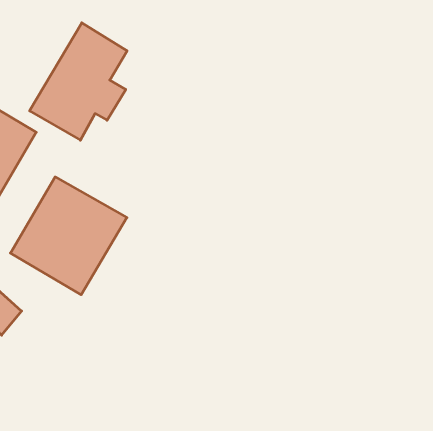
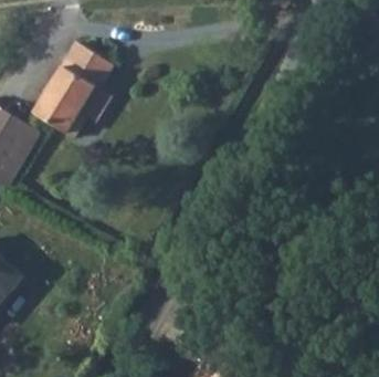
building: [10,177,127,295] -> none

